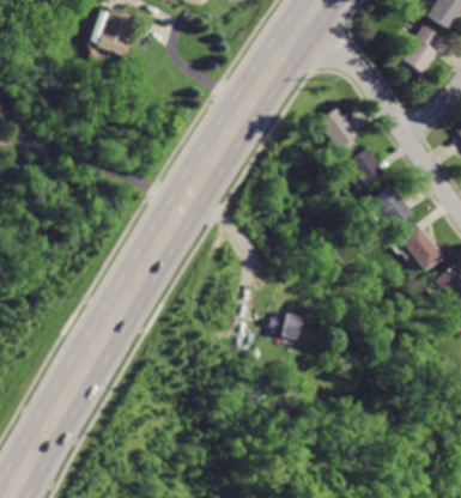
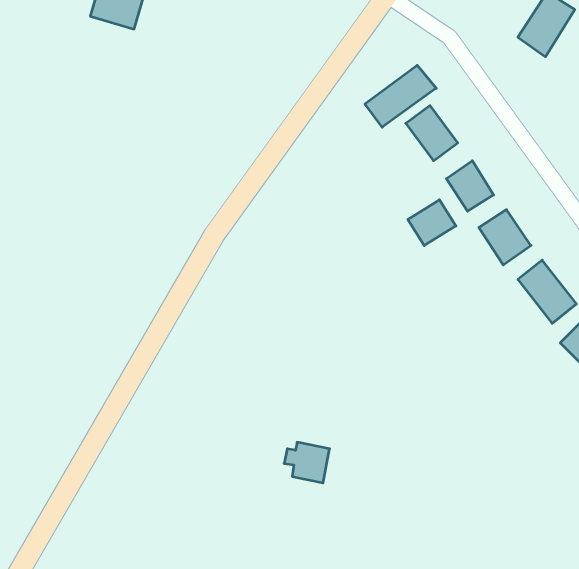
building: none -> [365,65,436,127]
building: none -> [408,200,456,246]
building: [267,311,301,341] -> [284,442,330,483]

